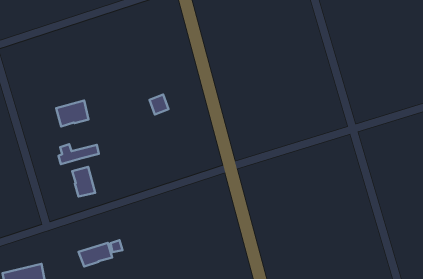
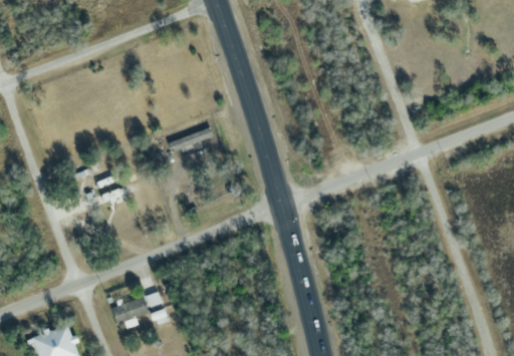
building: [56,101,88,126] -> none
building: [72,167,95,196] -> none

